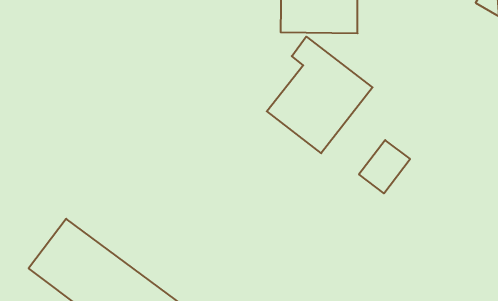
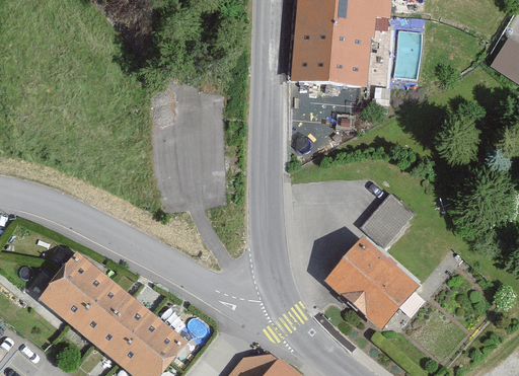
building: [267,37,373,153] -> none
building: none -> [335,240,427,330]

